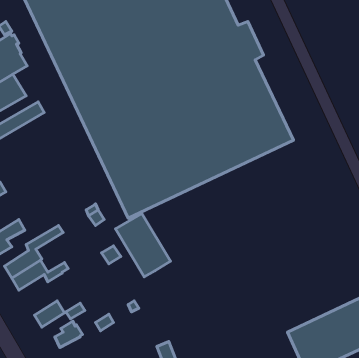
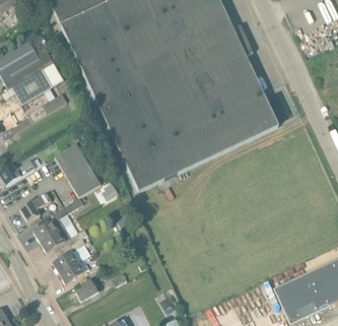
building: [115,213,171,277] -> [54,143,100,197]
building: none -> [53,238,85,273]

